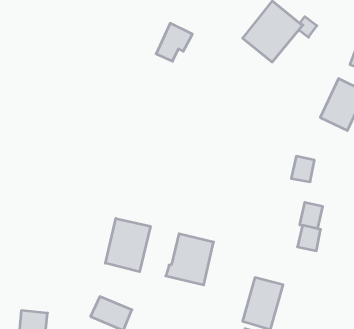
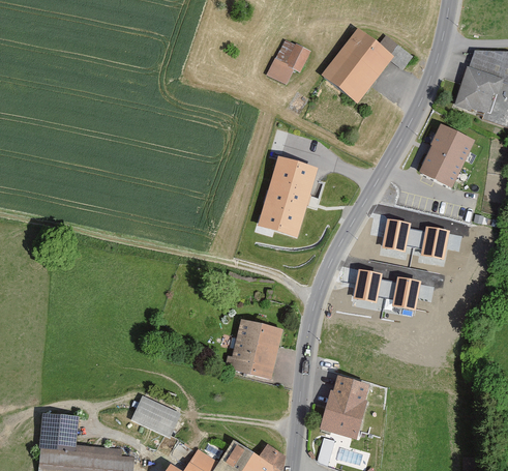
building: [156,23,192,61] -> [266,37,311,85]
building: none -> [257,154,318,236]
building: none -> [421,228,450,260]
building: [105,218,150,272] -> none
building: [297,225,321,251] -> [353,271,382,303]

